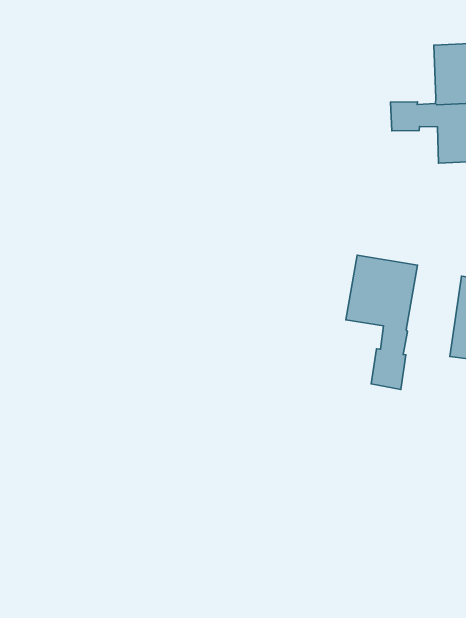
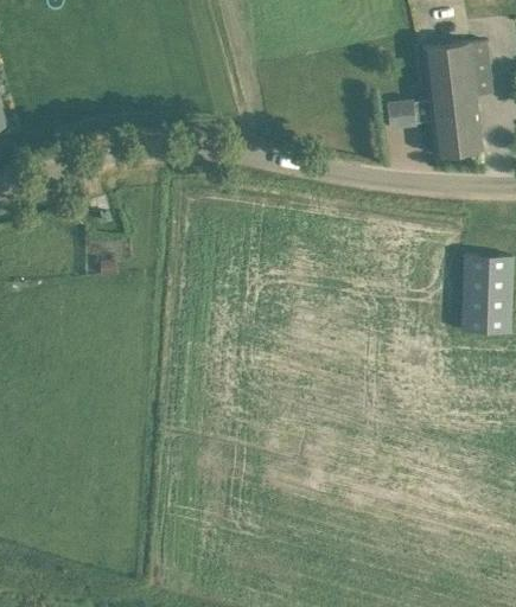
building: [346,255,417,390] -> none

